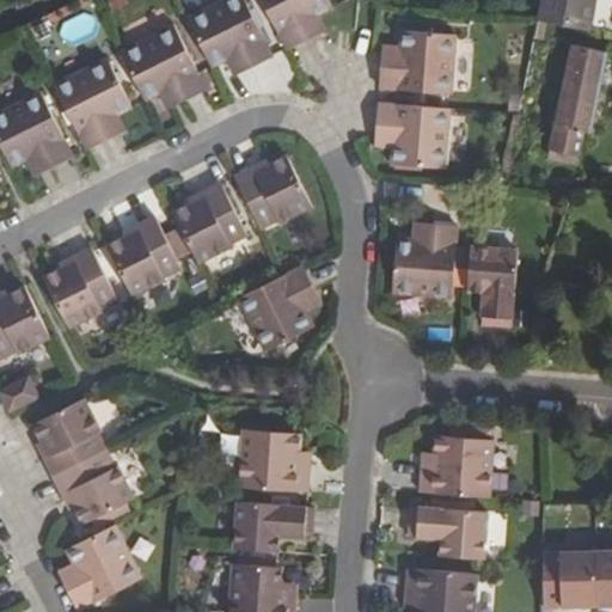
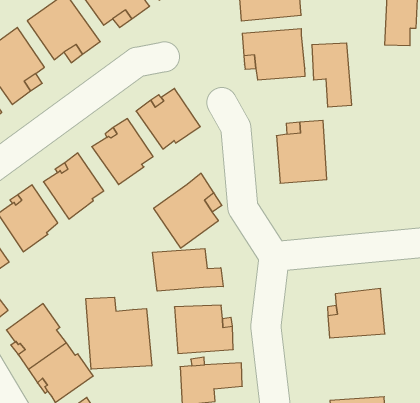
building: [466,249,514,330] -> [312,43,352,107]
building: none -> [153,249,223,291]
building: none -> [86,297,152,369]
building: [412,508,490,558] -> none

